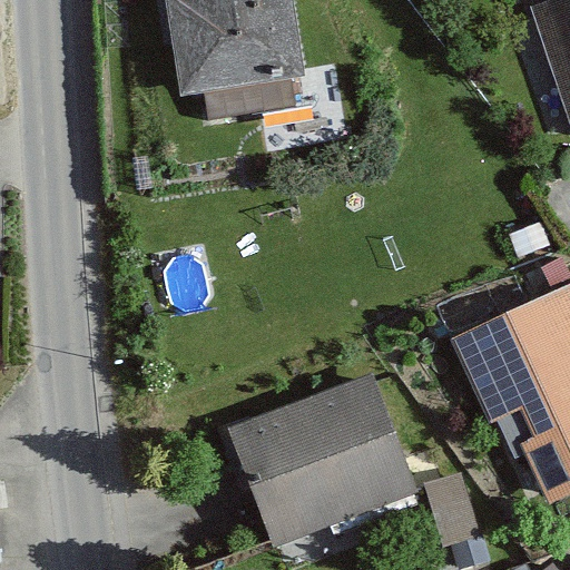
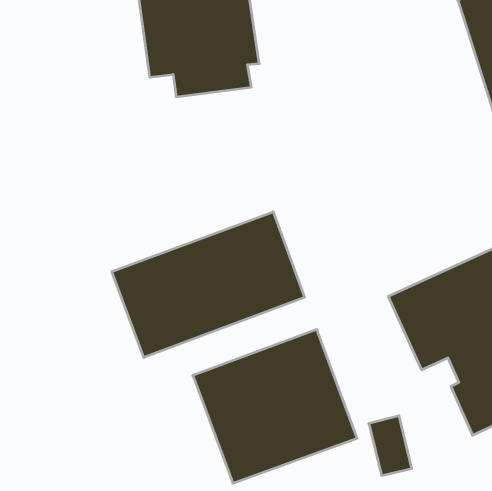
building: none -> [112,212,304,358]

